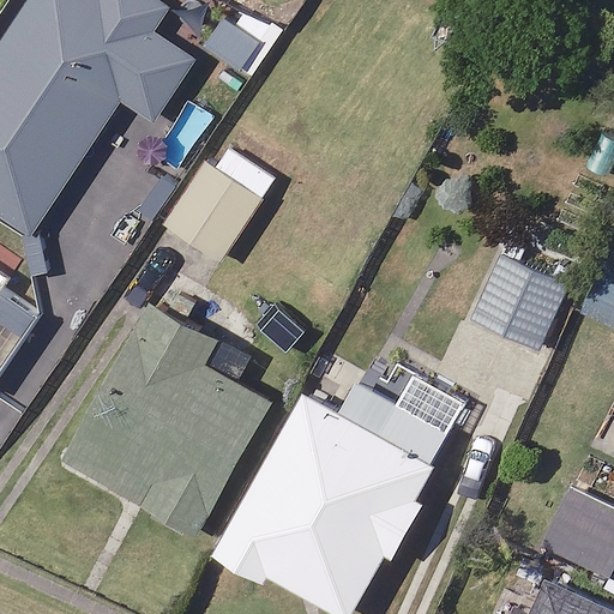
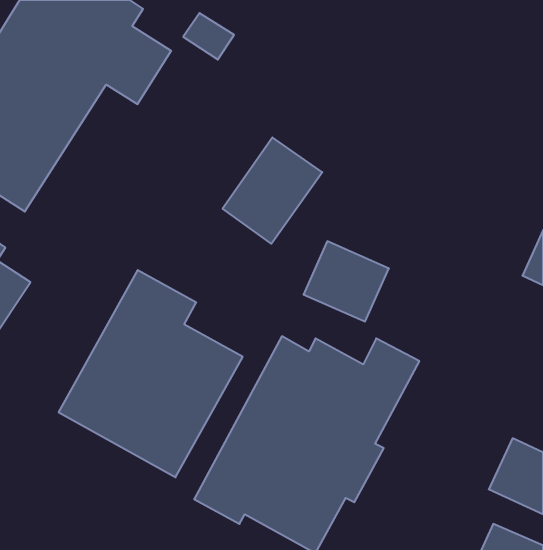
building: [163,143,273,260] -> [223,137,322,244]
building: [469,259,564,348] -> [303,241,389,322]

